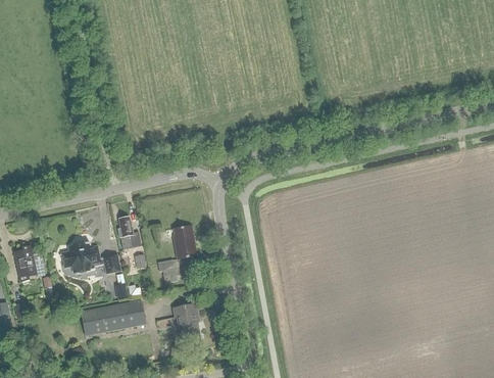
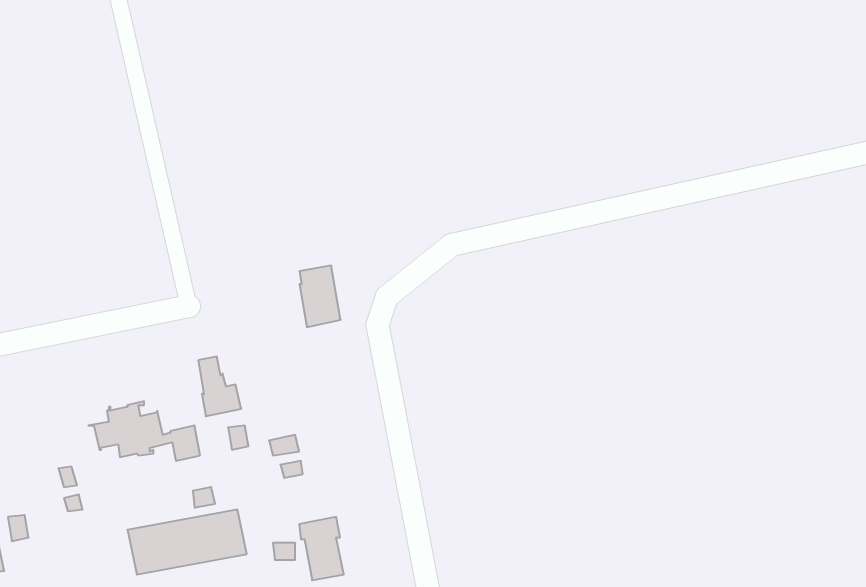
building: [172,225,195,258] -> [299,266,341,327]
building: [14,245,45,282] -> none

